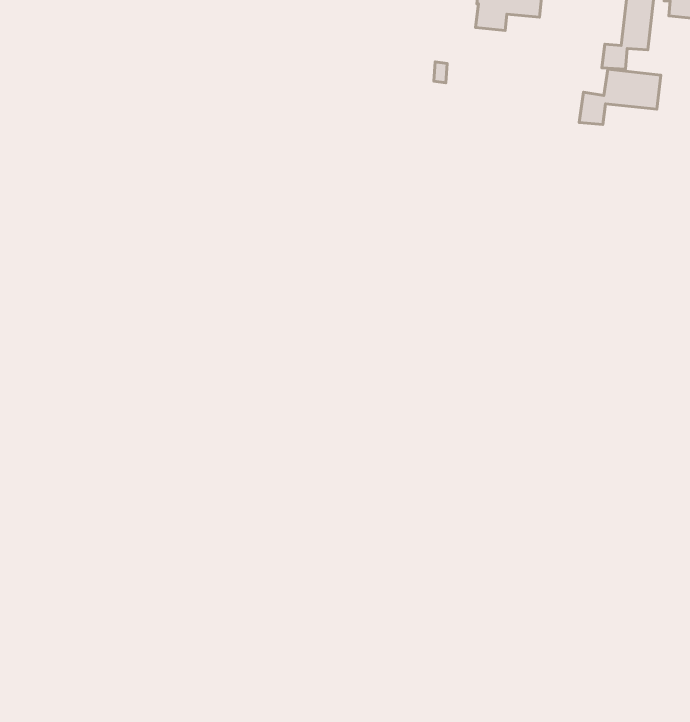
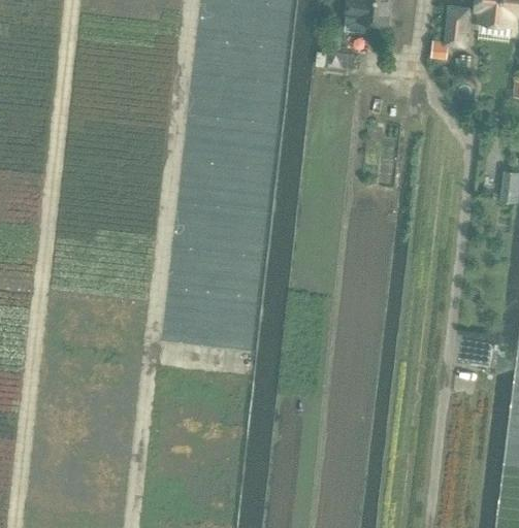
building: [579,69,661,125] -> none

